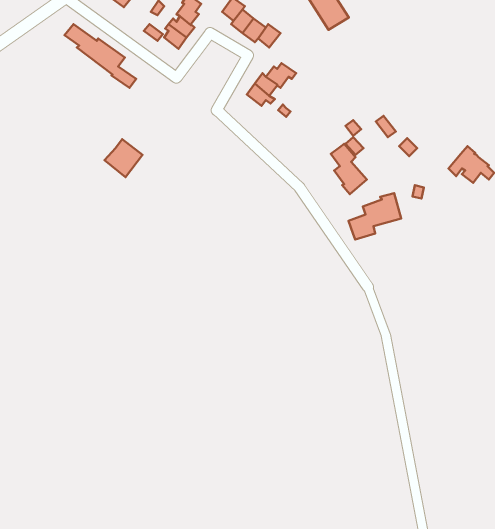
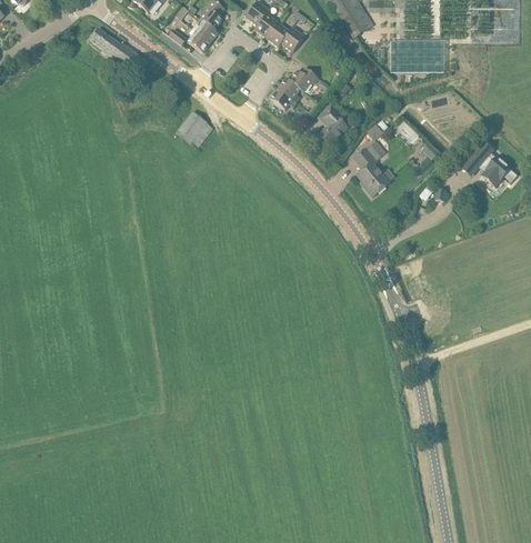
building: none -> [320,103,348,144]
building: [104,139,142,177] -> [176,111,213,149]
building: [348,193,401,240] -> none

